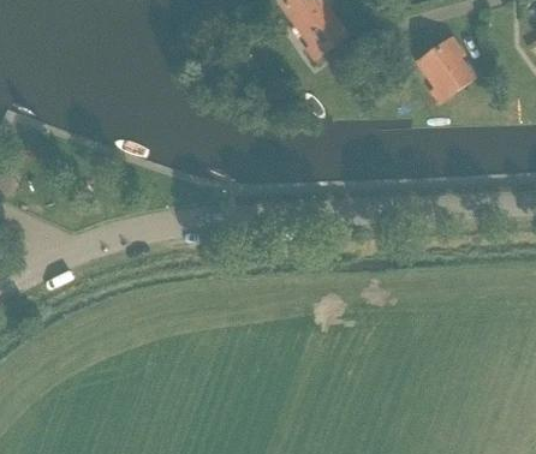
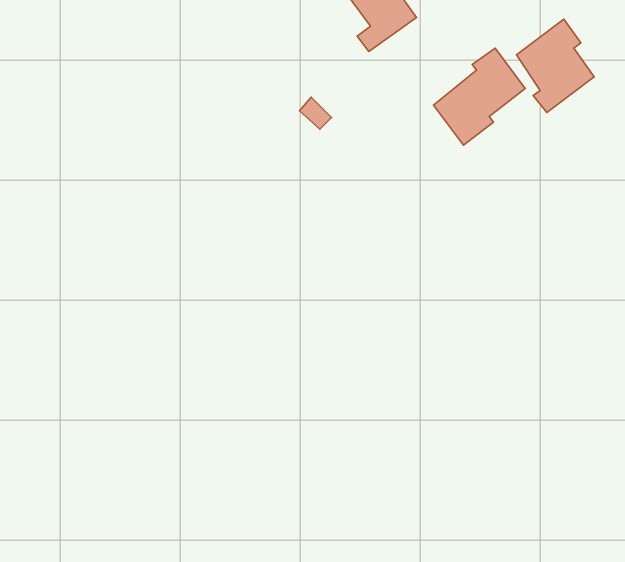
building: none -> [433,48,525,145]

